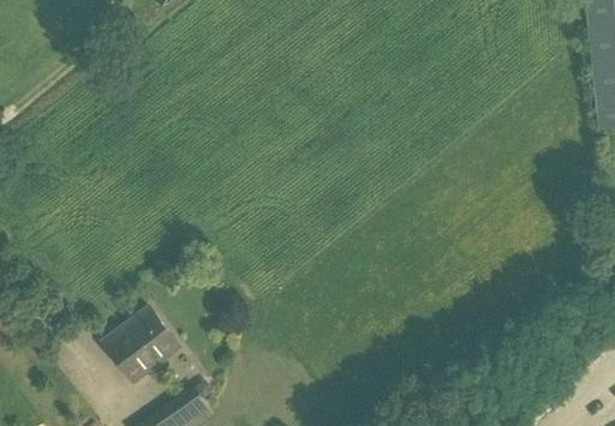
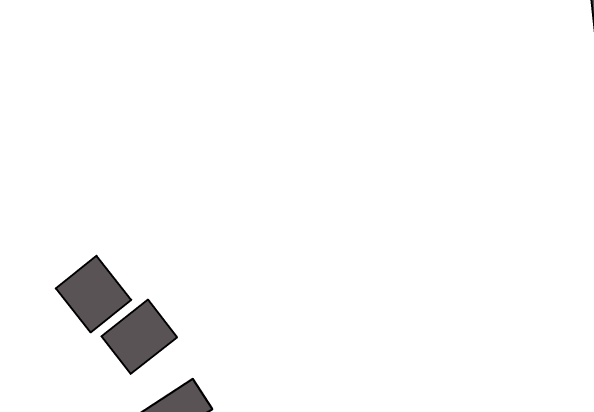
building: none -> [56,256,131,332]

